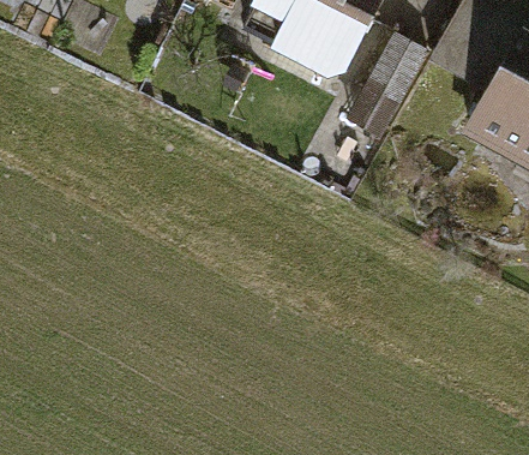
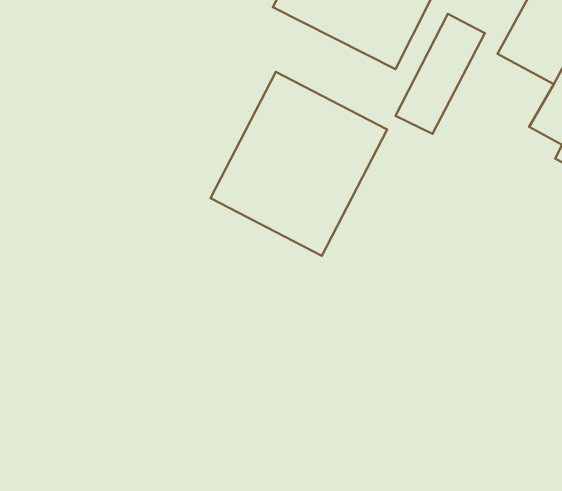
building: none -> [210,72,387,256]

